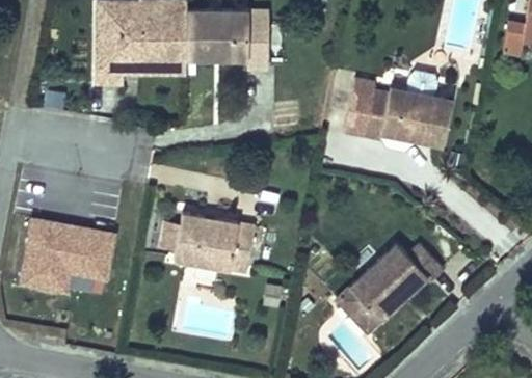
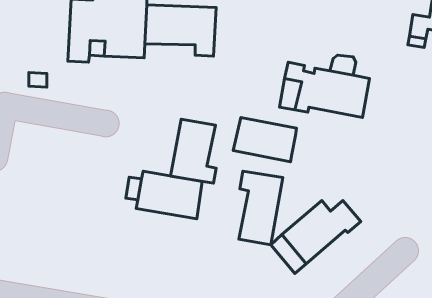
building: none -> [233,117,297,162]
building: none -> [171,119,216,183]
building: none -> [239,171,283,245]
building: [20,219,121,298] -> none

